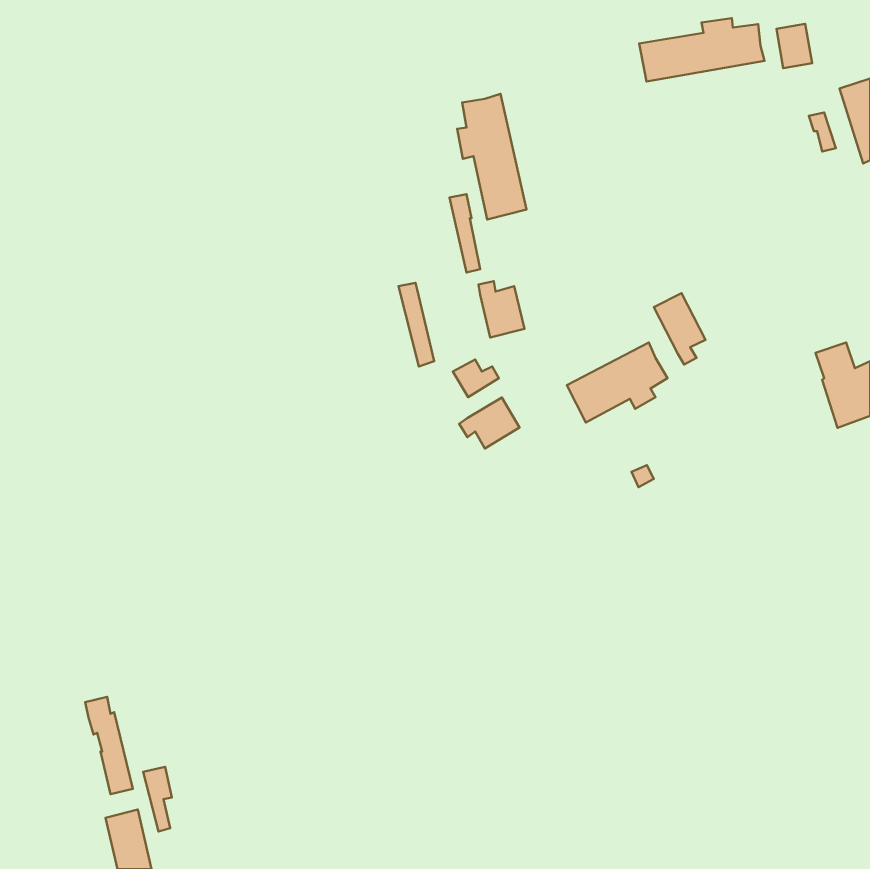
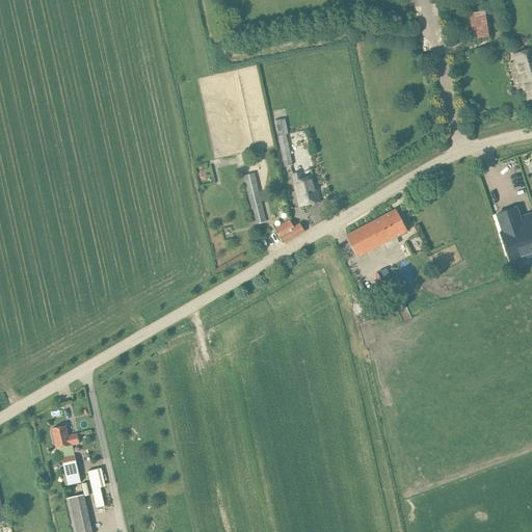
building: [639,18,765,81] -> none
building: [457,94,527,220] -> none
building: [654,293,706,364] -> none
building: [459,397,519,448] -> none

